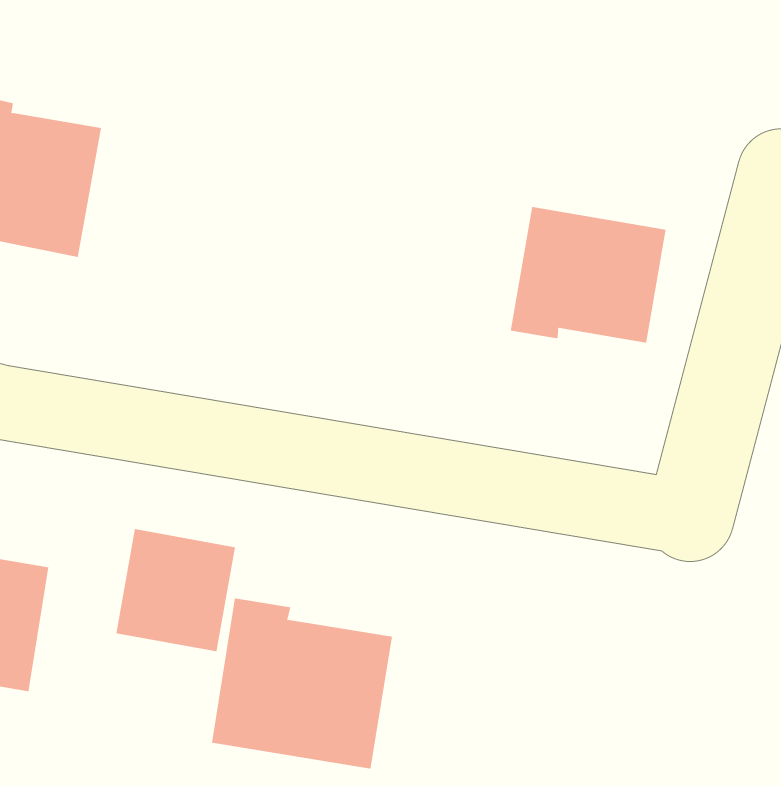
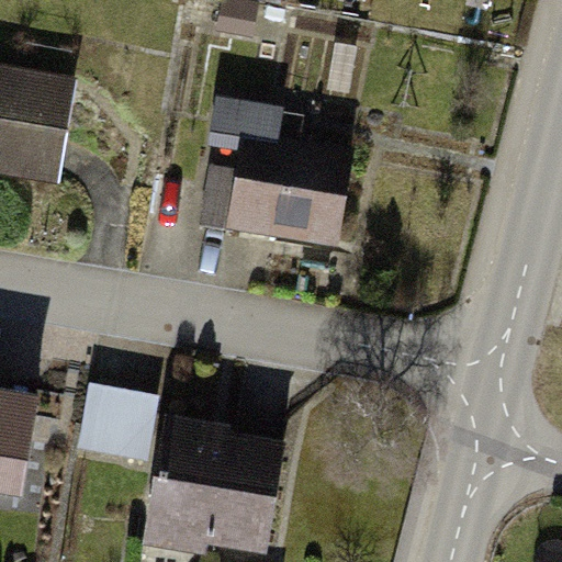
building: none -> [199,103,347,239]
building: [510,206,666,343] -> none

